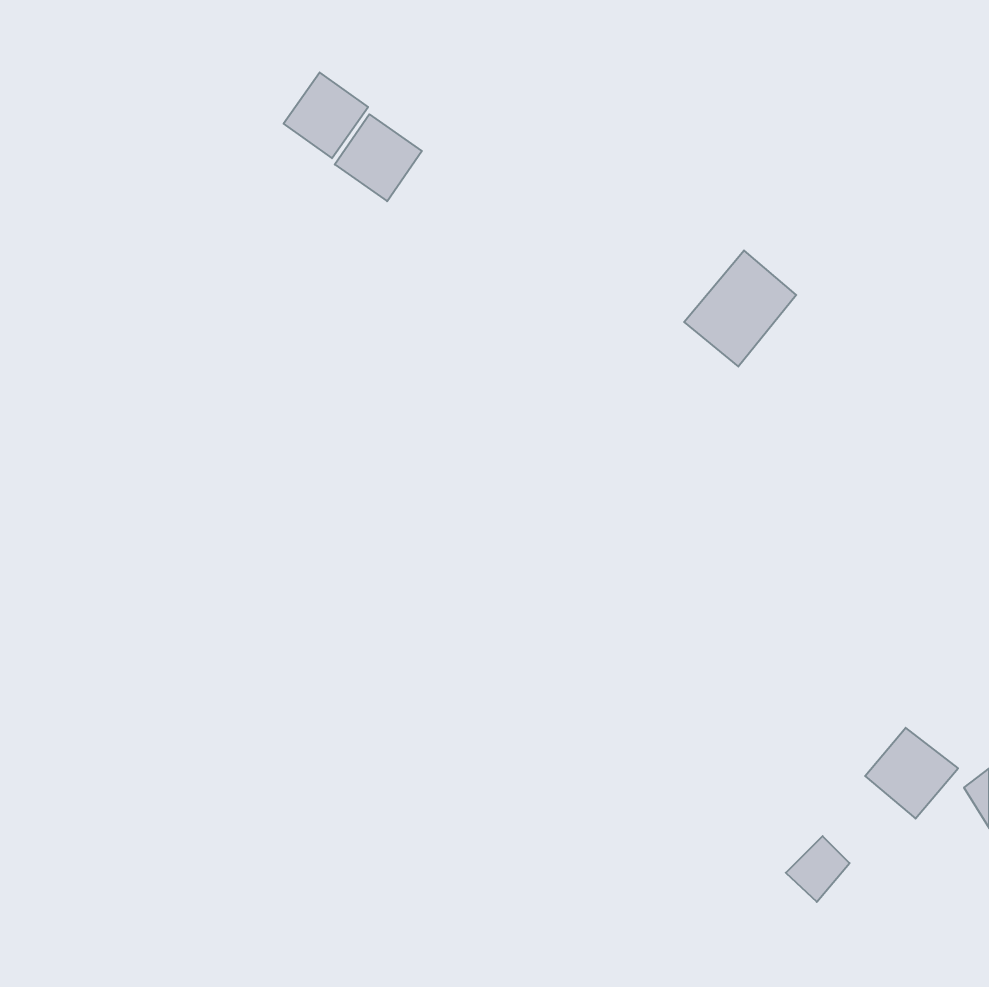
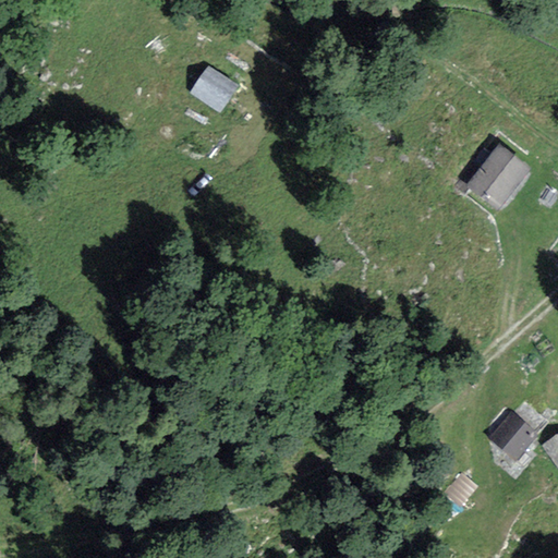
building: [284,72,368,158] -> none
building: [684,250,796,367] -> [466,144,530,209]

